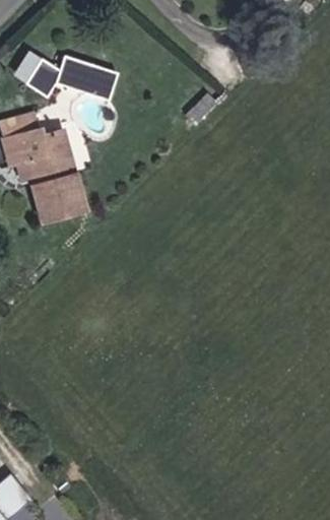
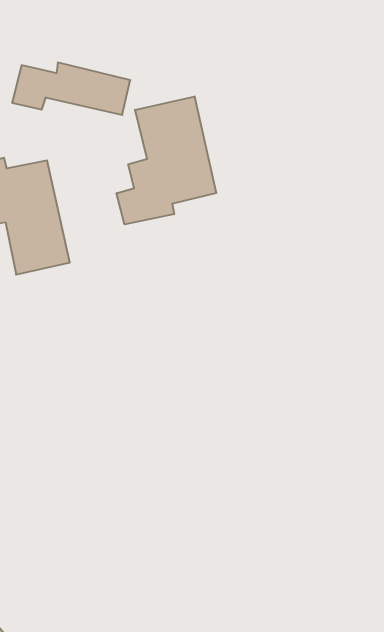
building: none -> [117,96,216,224]

